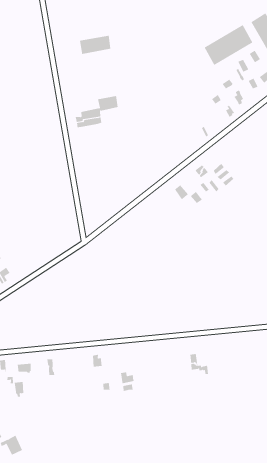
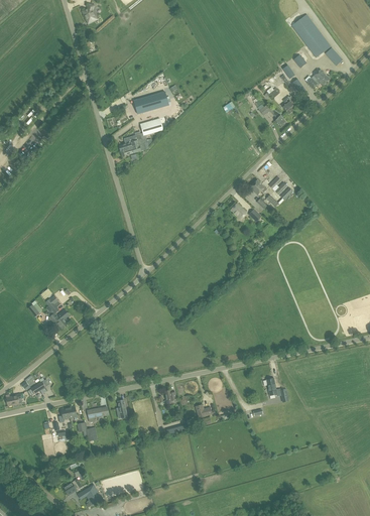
building: [204,24,253,66] -> none
building: [79,35,111,54] -> [133,91,167,114]

